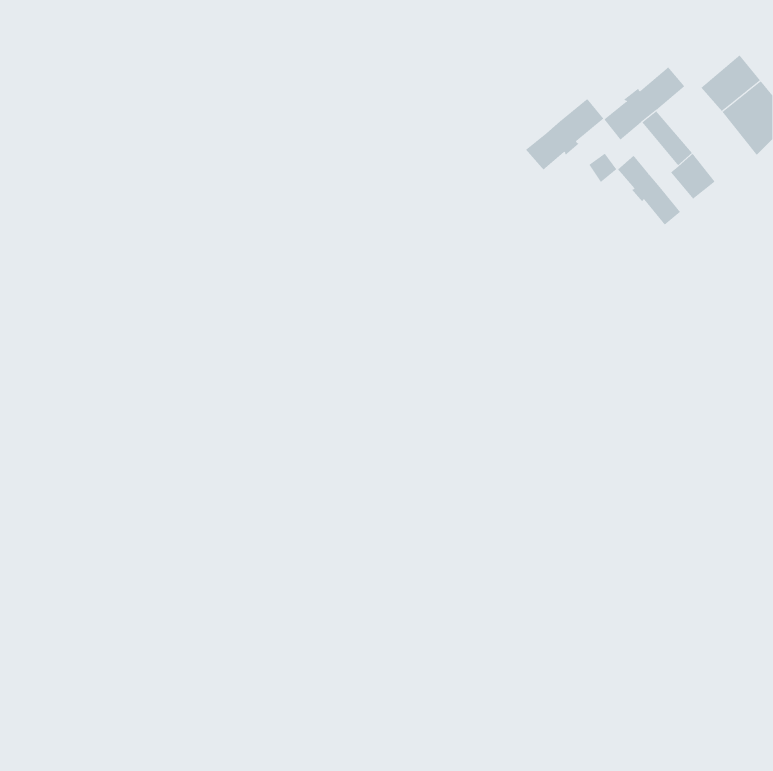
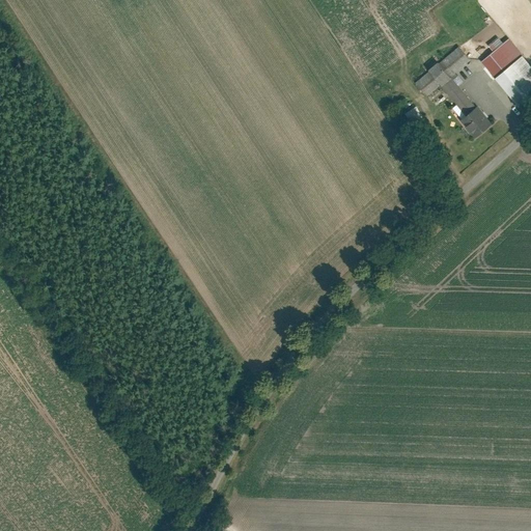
building: [525,98,604,171] -> none
building: [617,155,681,225] -> none

